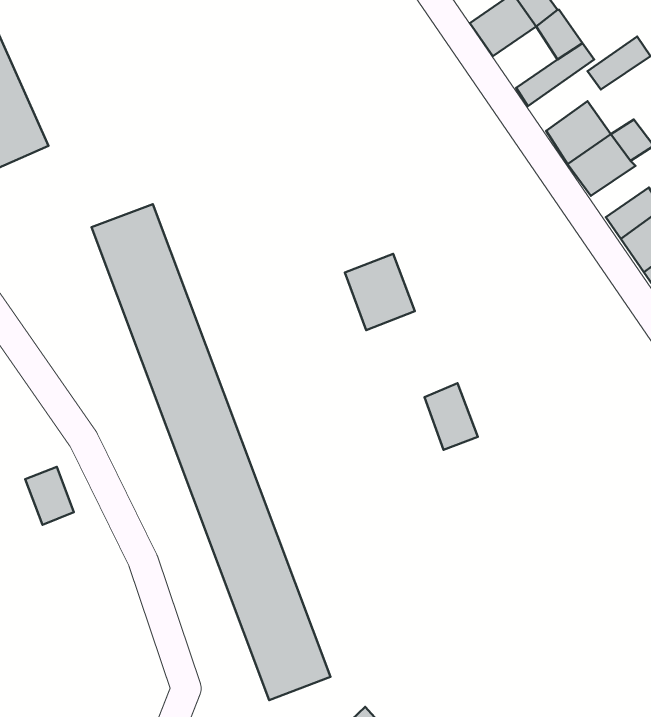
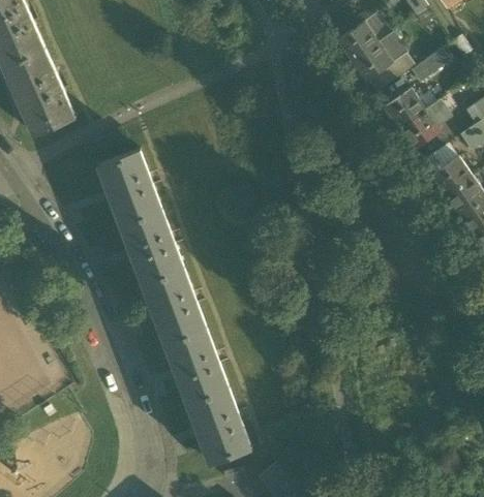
building: none -> [351,43,391,82]
building: [345,254,415,330] -> none
building: [424,383,478,450] -> none
building: [25,467,74,525] -> none

